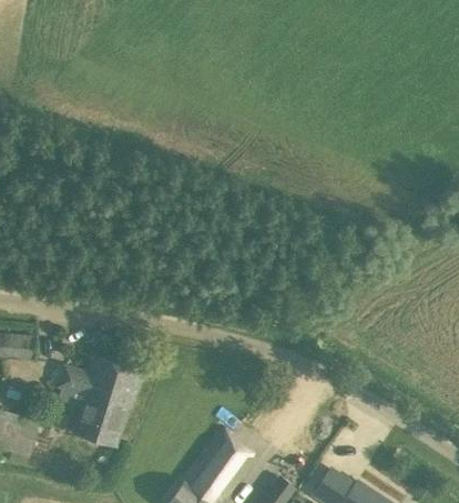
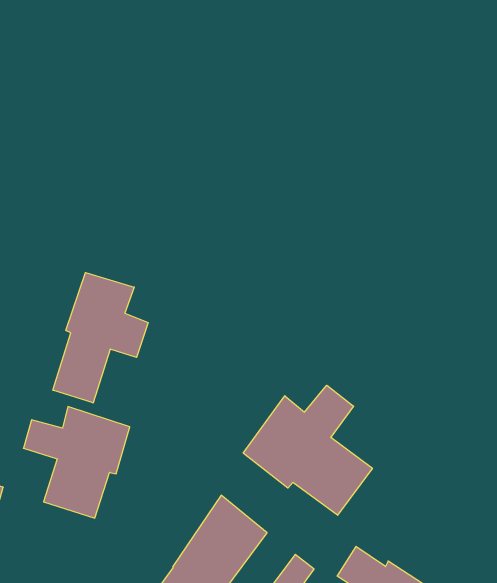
building: none -> [53,273,148,403]
building: none -> [243,385,372,515]

